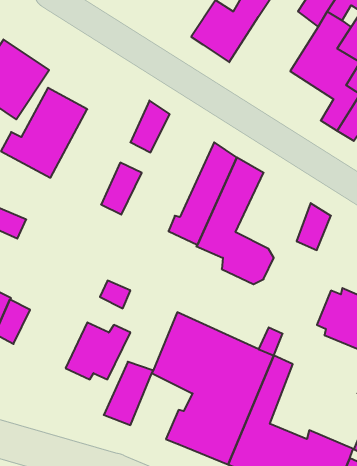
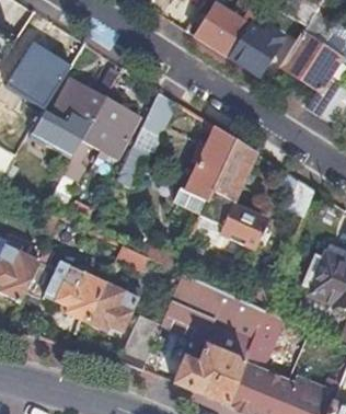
building: none -> [227,18,281,77]
building: none -> [62,97,138,182]
building: none -> [54,265,104,321]

